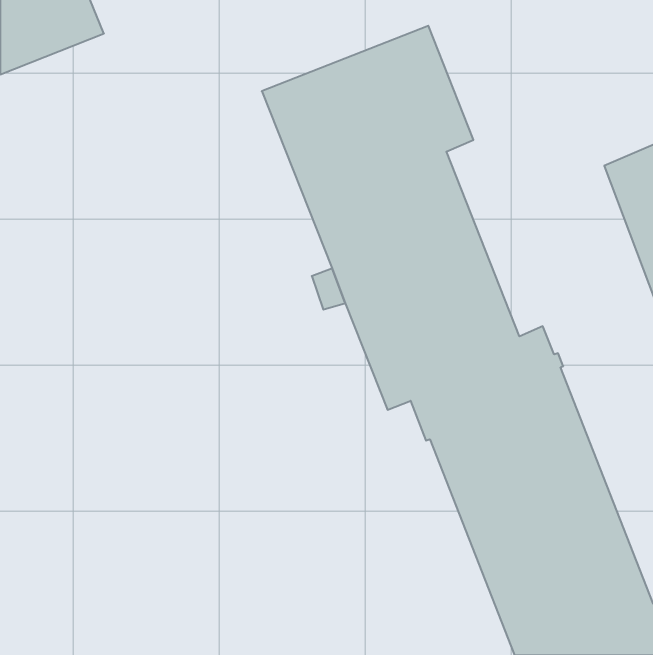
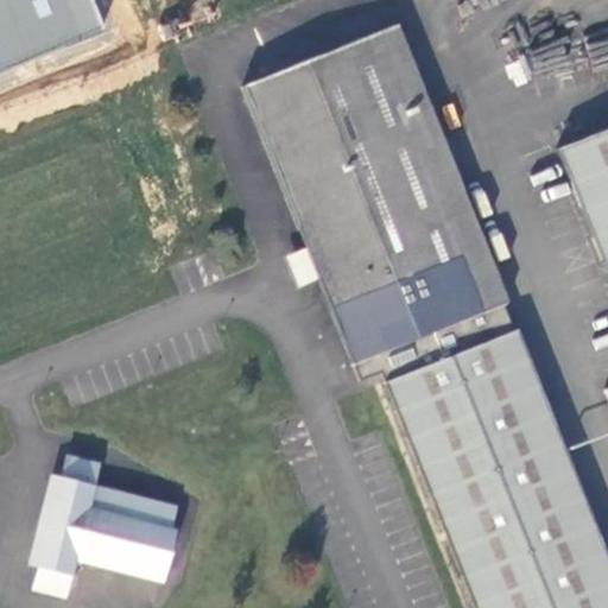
building: none -> [416,129,508,311]
building: none -> [36,456,178,597]

